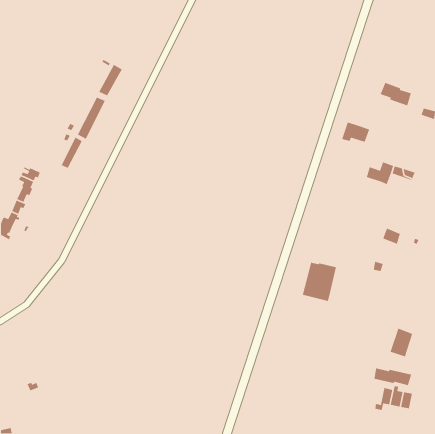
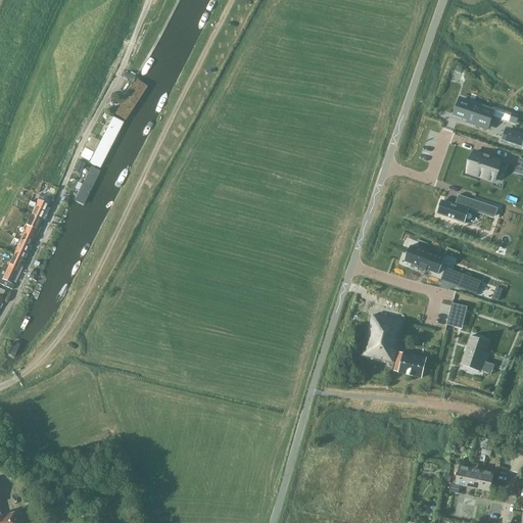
building: [341,121,370,143] -> [467,150,502,176]
building: none -> [406,244,446,279]
building: none -> [393,351,427,377]
building: [389,328,413,357] -> [461,334,489,370]
building: [373,367,412,386] -> none

